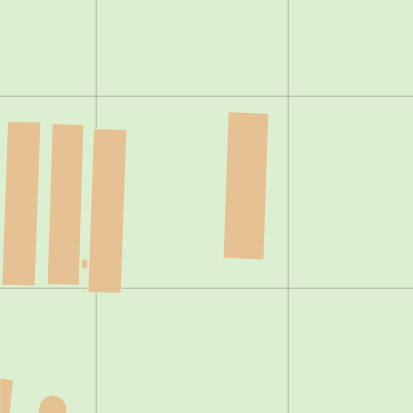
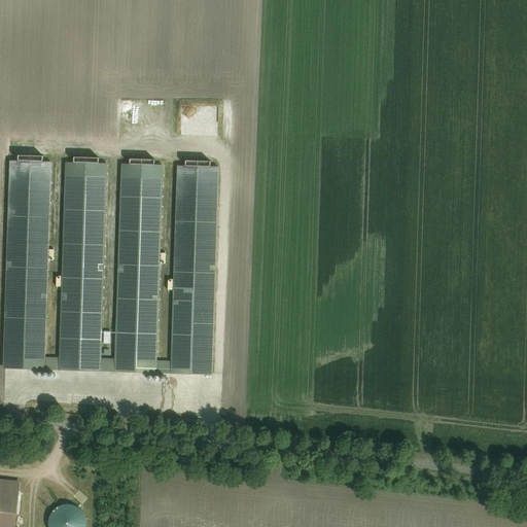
building: [223,112,269,260] -> none
building: none -> [169,168,216,373]

